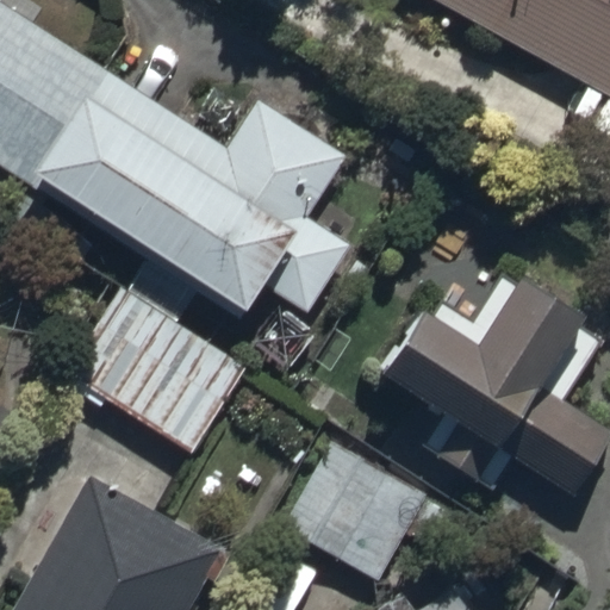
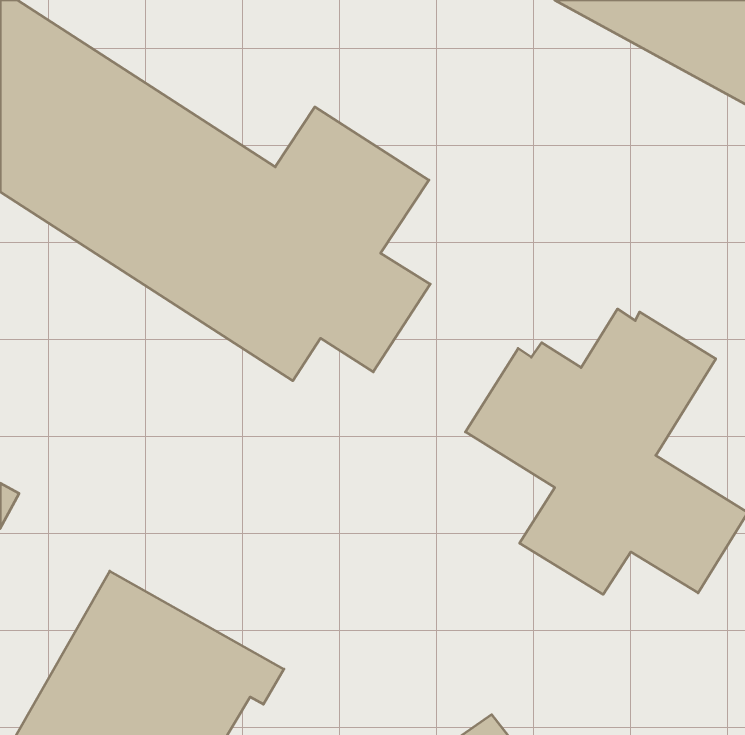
building: [66,286,249,455] -> none
building: [279,432,429,581] -> none

